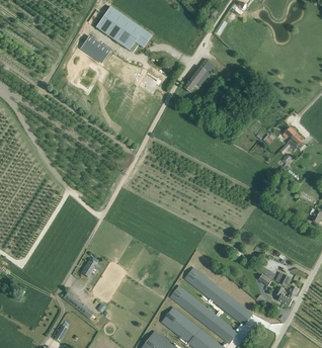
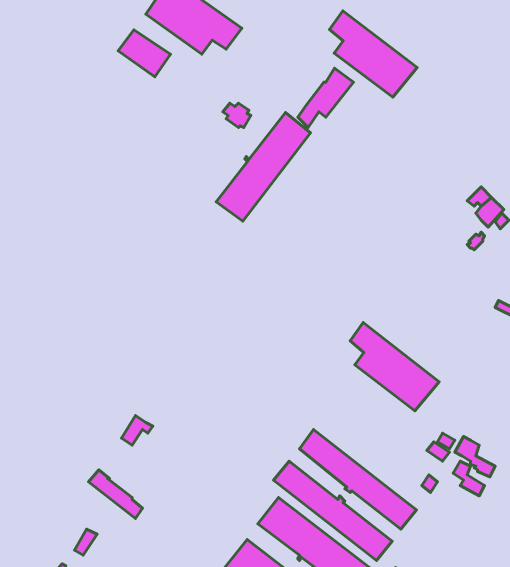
building: none -> [330,11,417,97]
building: none -> [216,113,310,221]
building: none -> [350,323,439,411]

